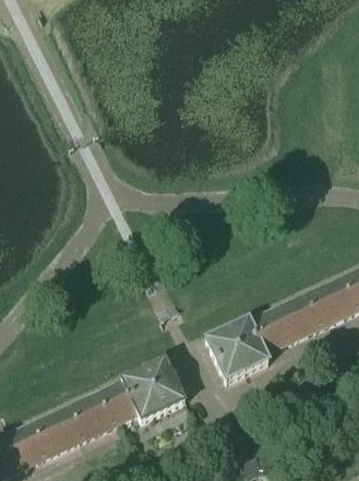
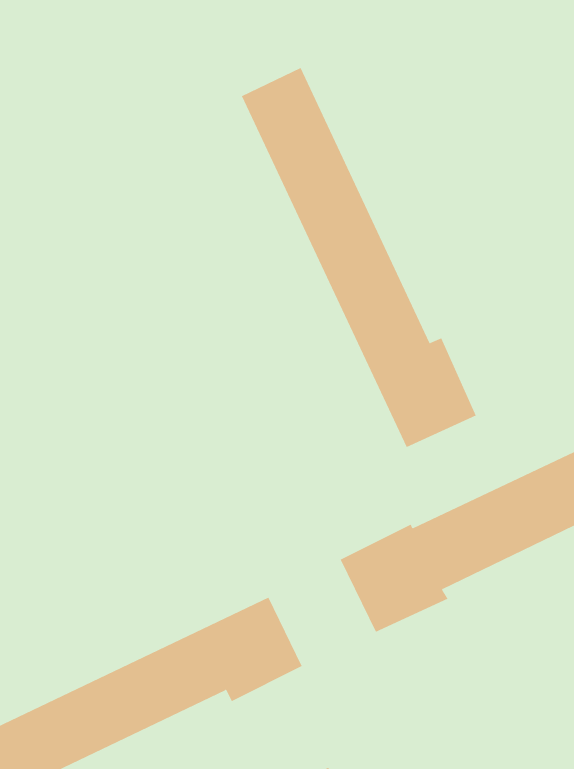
building: none -> [241,67,476,448]

